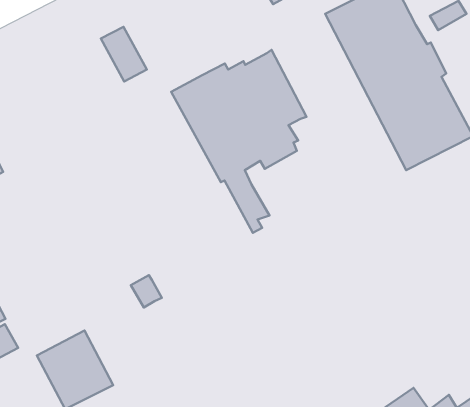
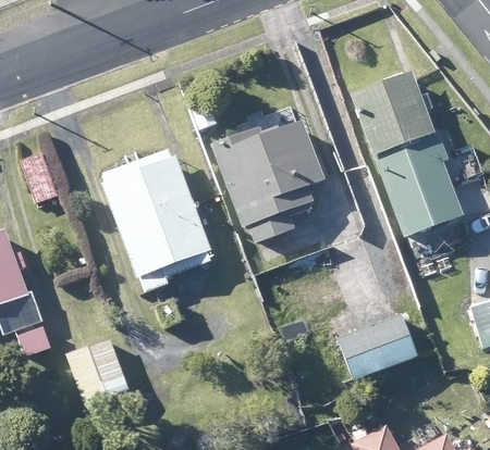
building: none -> [101,148,211,291]
building: none -> [336,312,417,379]

